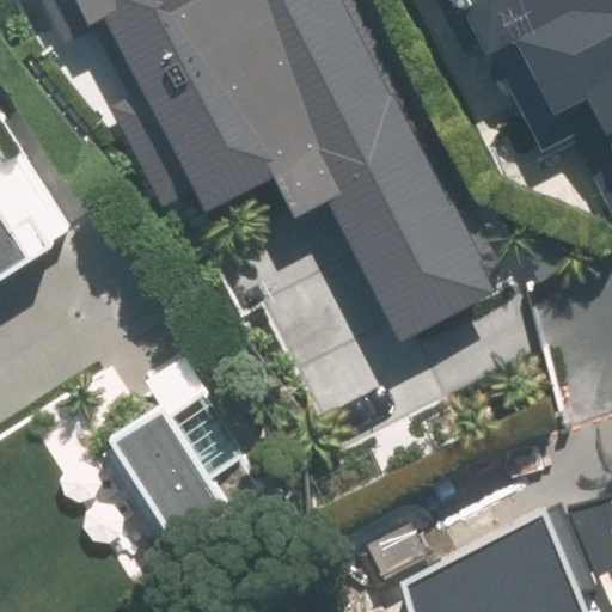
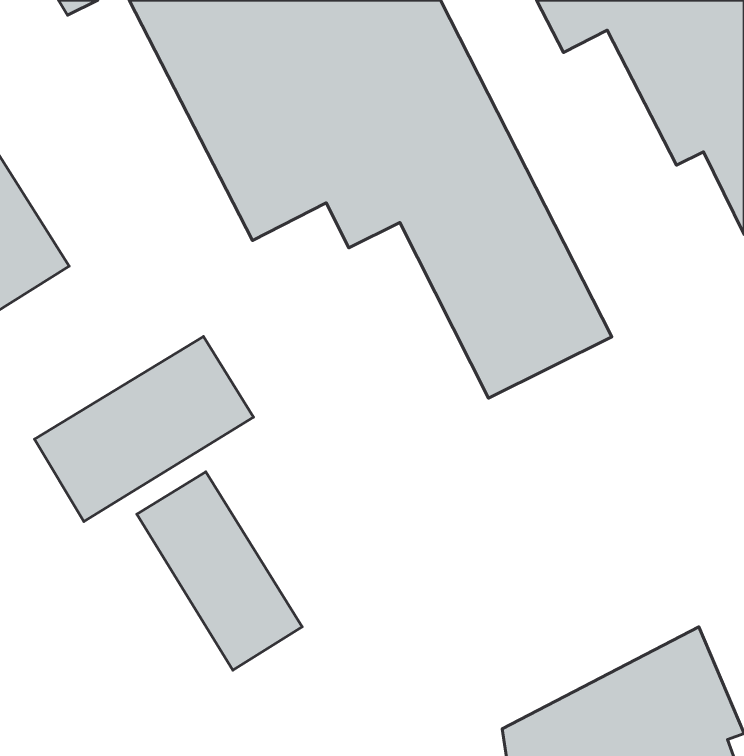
building: none -> [34,336,254,521]

